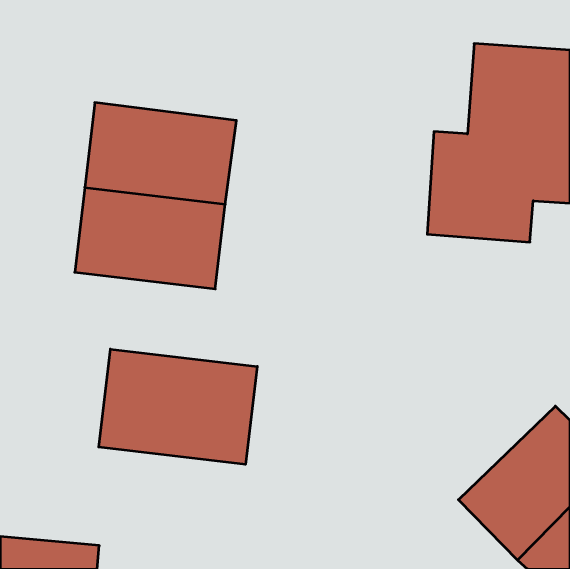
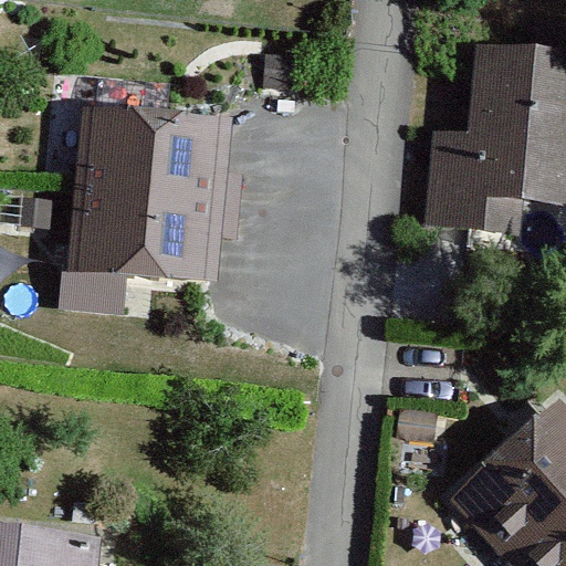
building: [99,349,257,464] -> none

